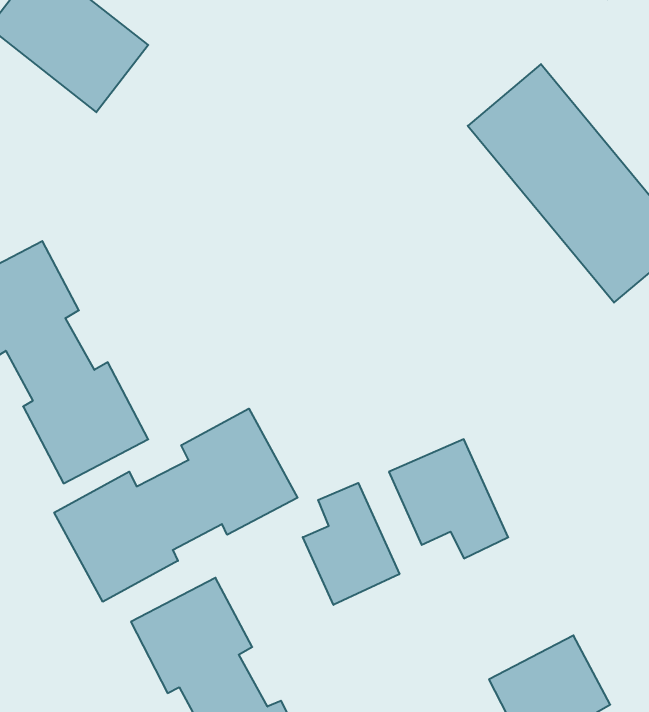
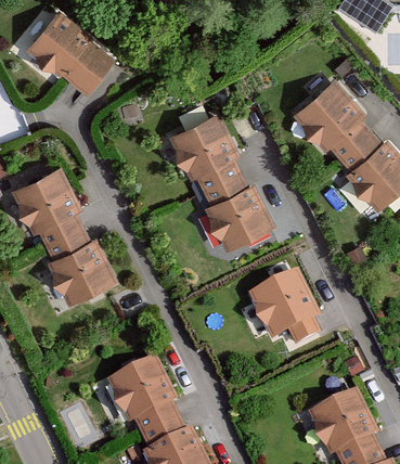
building: none -> [169,111,275,247]
building: [54,409,298,602] -> none
building: [303,483,399,605] -> none

